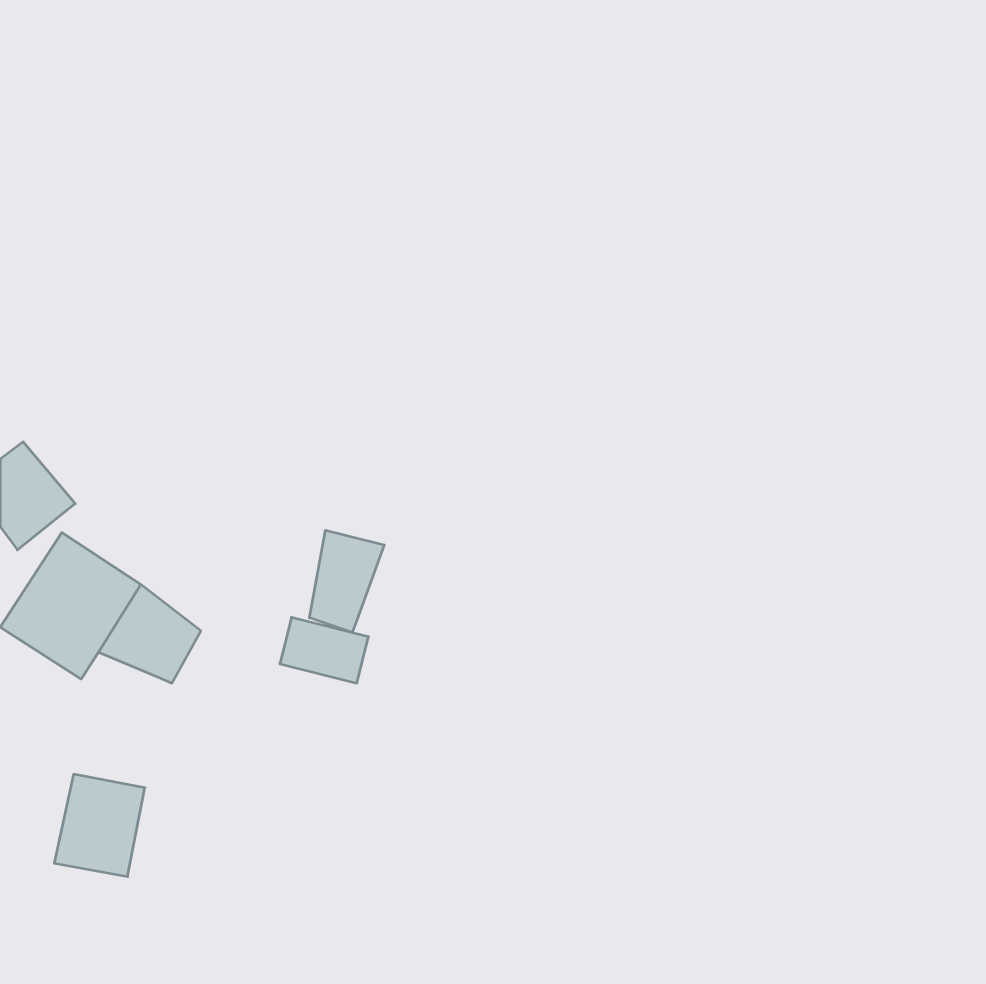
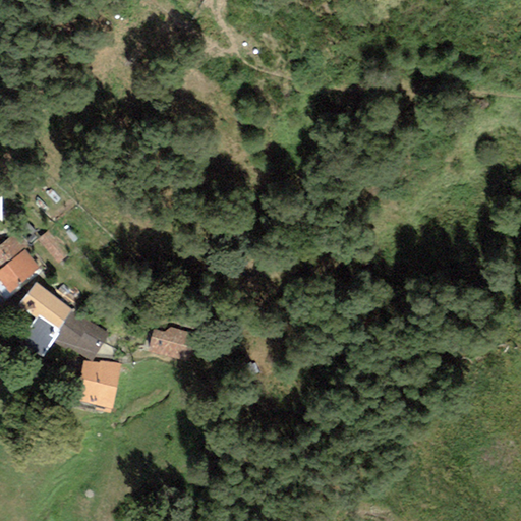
building: [309,530,384,633] -> none
building: [54,774,145,877] -> [73,357,121,411]

